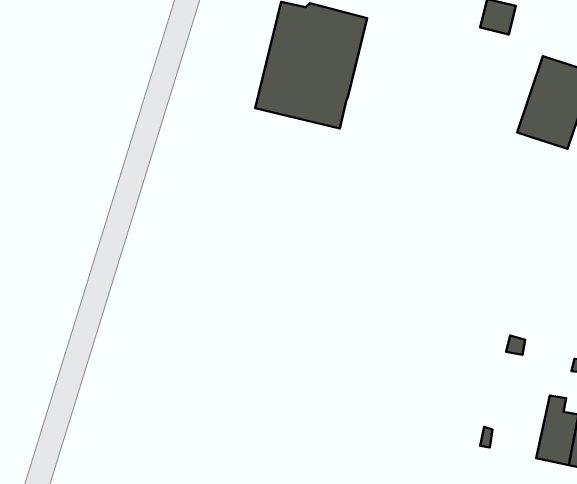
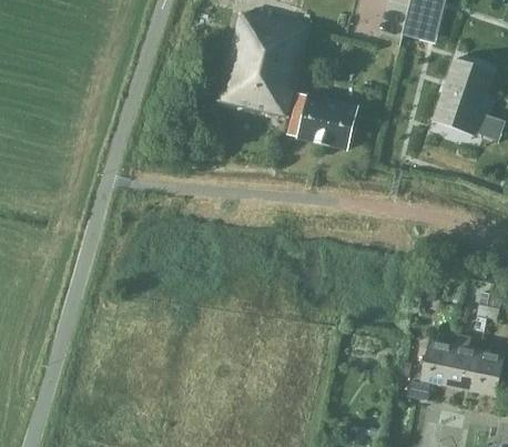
building: none -> [286,92,359,149]
building: none -> [408,338,457,398]

